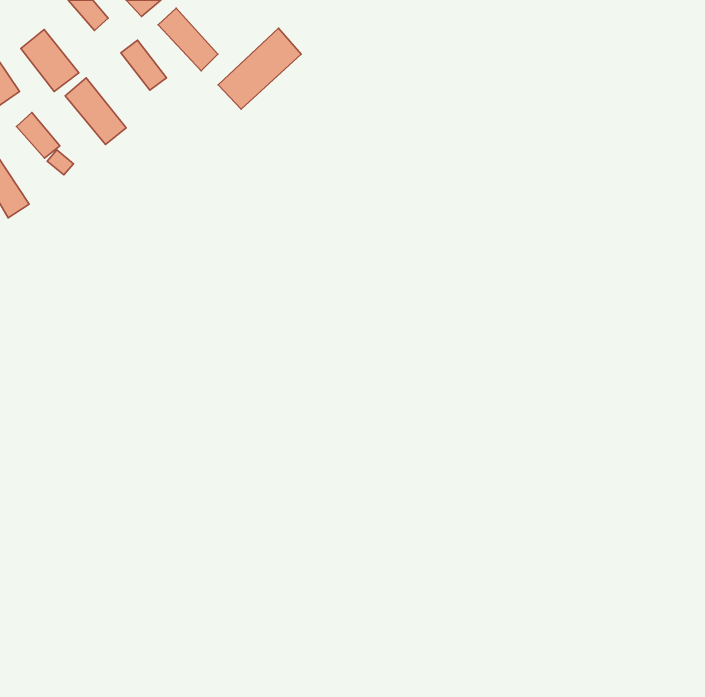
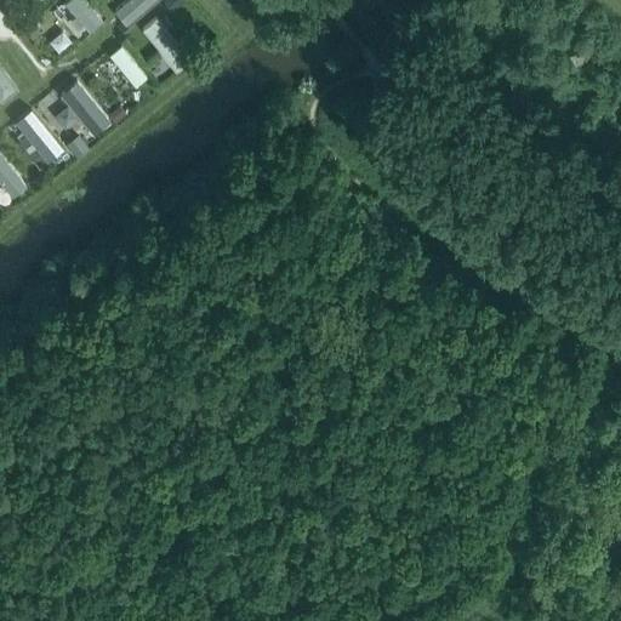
building: [218,28,301,109] -> none
building: [21,30,79,92] -> none

